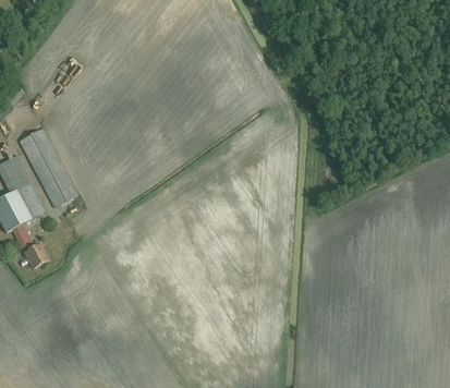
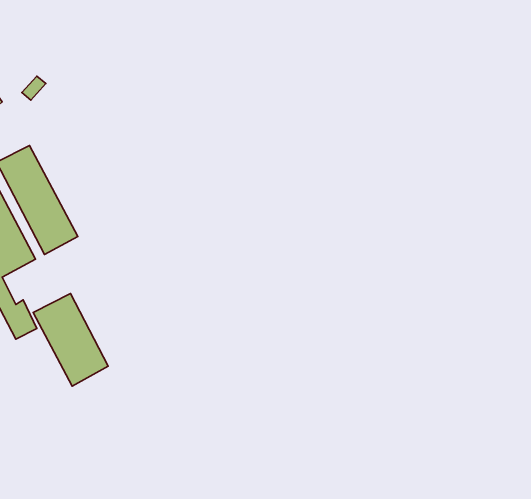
building: none -> [33,293,108,386]

